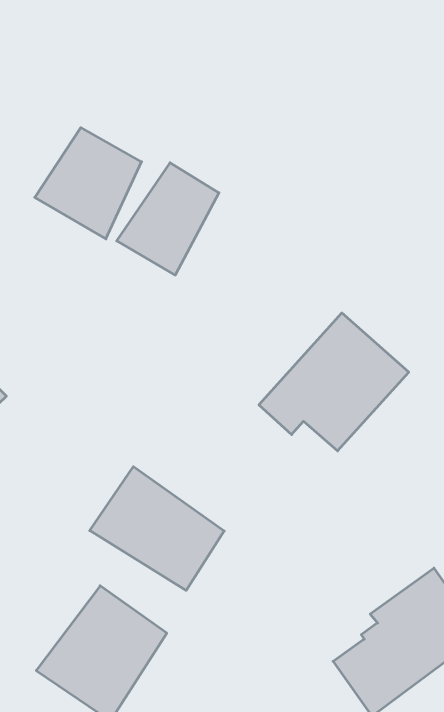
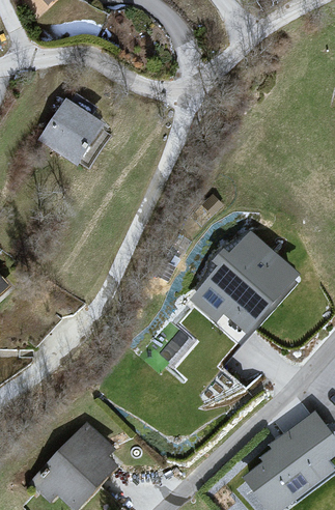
building: [117,163,219,275] -> none
building: [90,467,224,590] -> none

